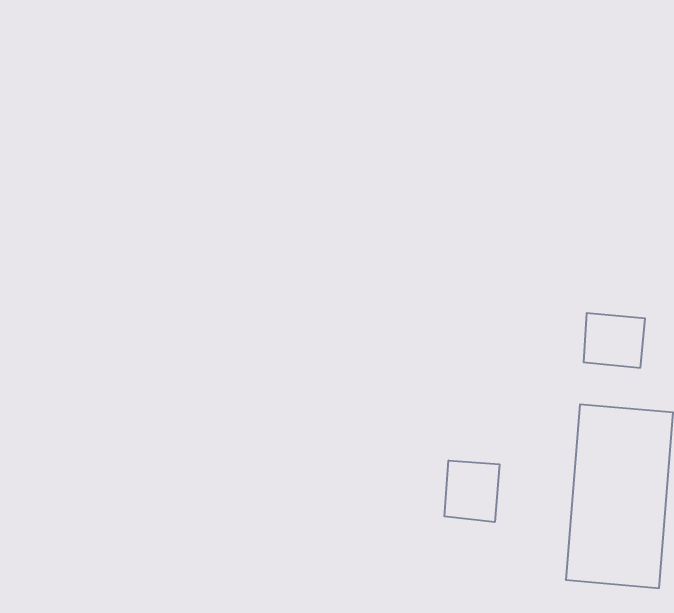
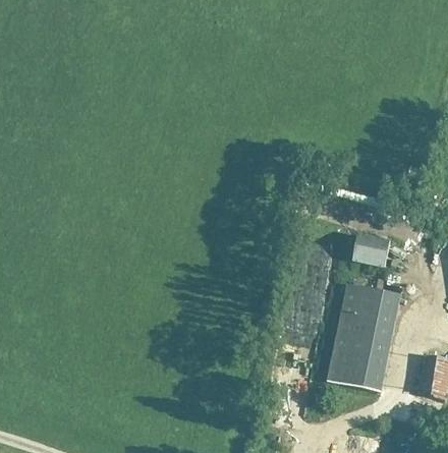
building: [444,460,499,522] -> none

